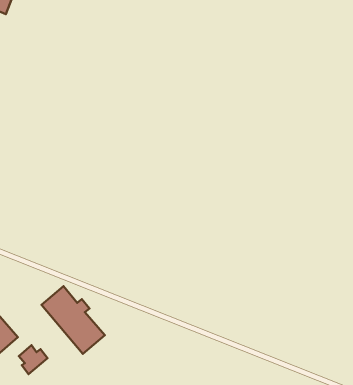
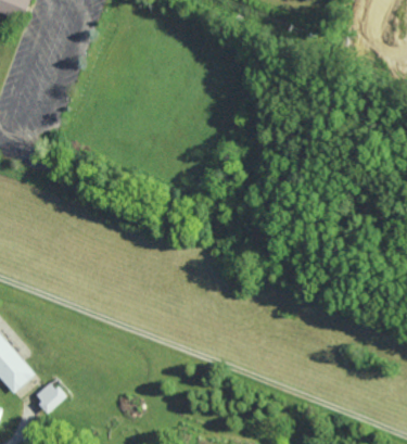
building: [42,286,105,354] -> none

